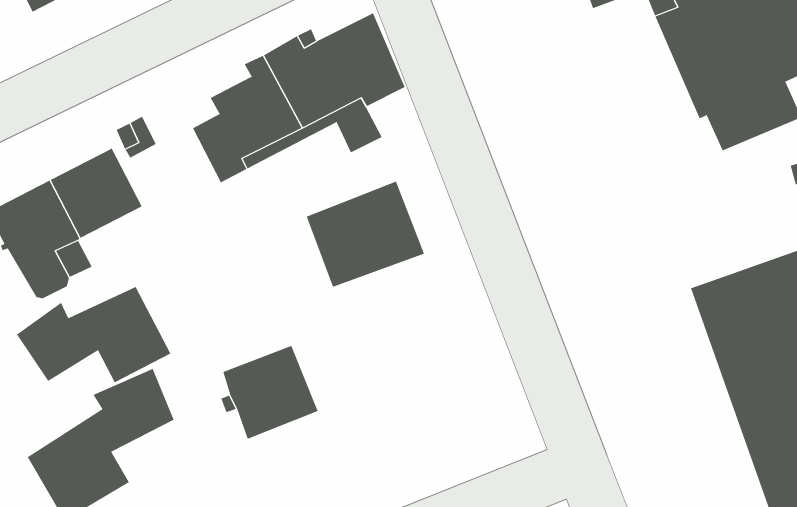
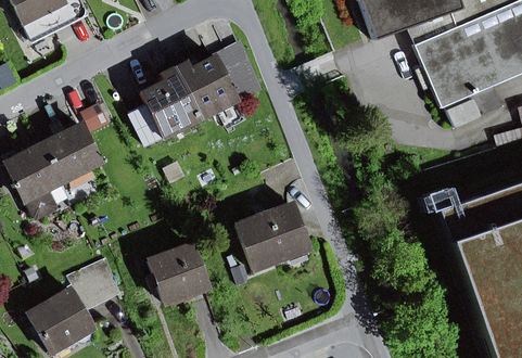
building: [306,181,425,288] -> [237,203,309,268]
building: [16,286,171,383] -> none

